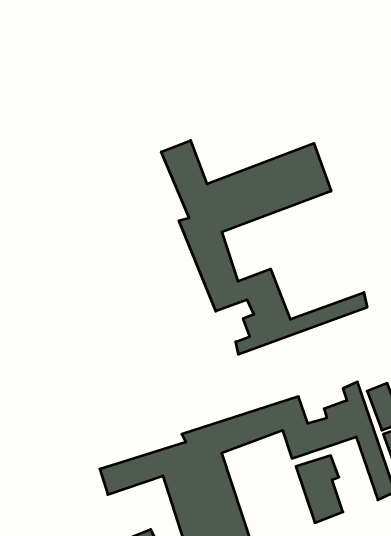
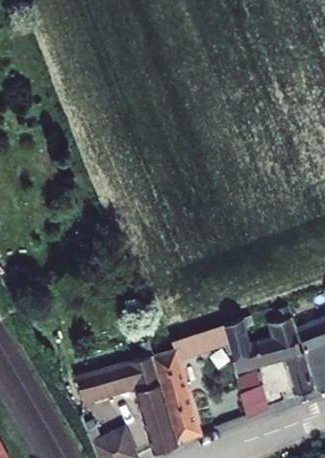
building: [161,140,367,354] -> none

